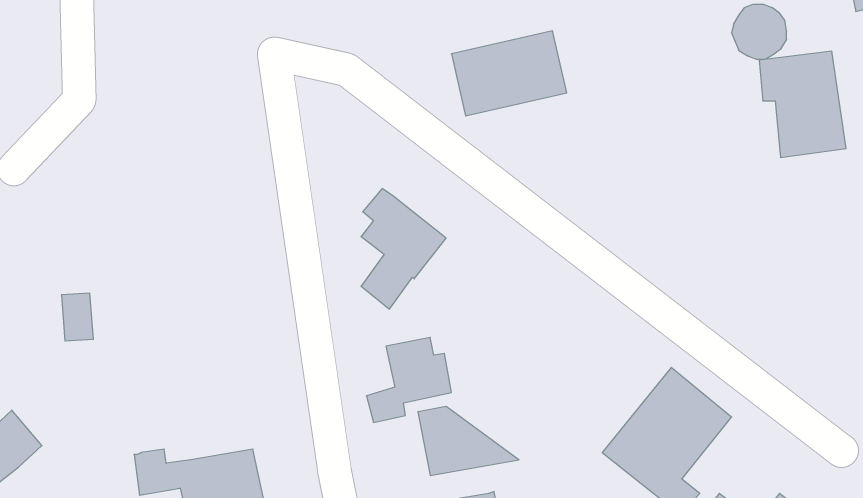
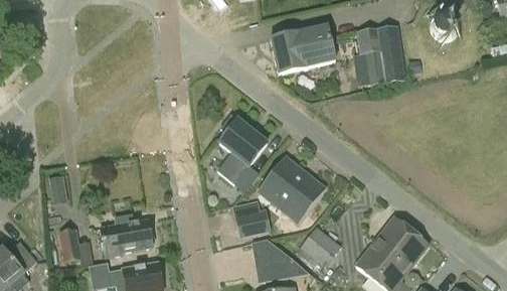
building: [759,51,846,157] -> [356,25,405,86]
building: none -> [259,157,324,222]
building: none -> [100,213,152,257]
building: none -> [296,226,341,271]
building: none -> [58,228,94,266]

